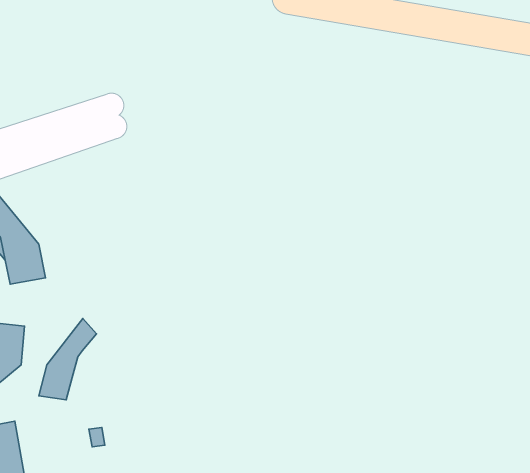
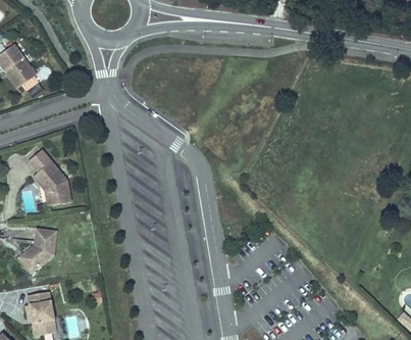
building: [39,319,96,400] -> none

